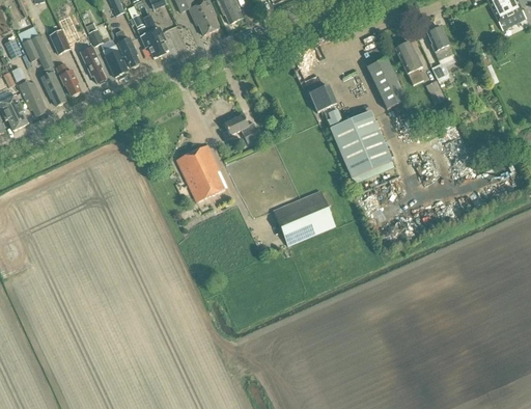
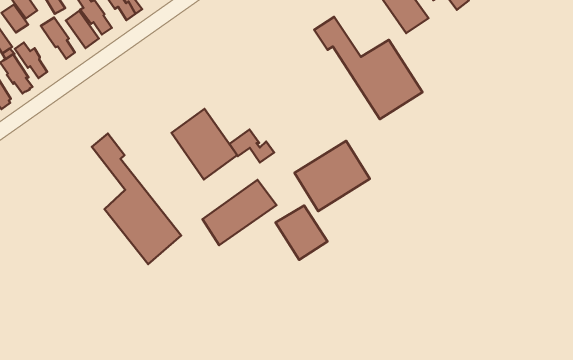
building: [224,114,260,143] -> [229,129,274,162]
building: none -> [92,133,181,264]
building: none -> [202,180,276,245]
building: none -> [276,205,328,260]

